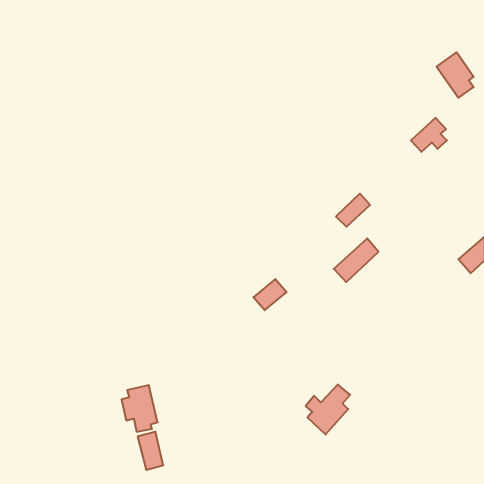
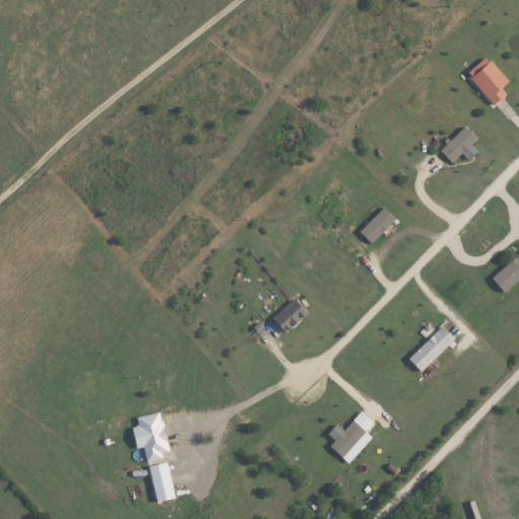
building: [334,238,378,282] -> [407,325,455,372]

